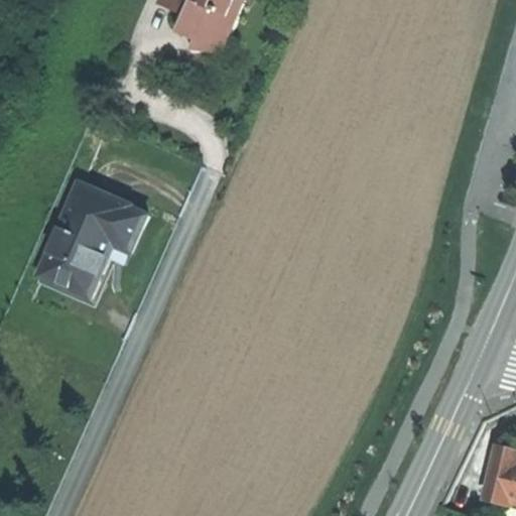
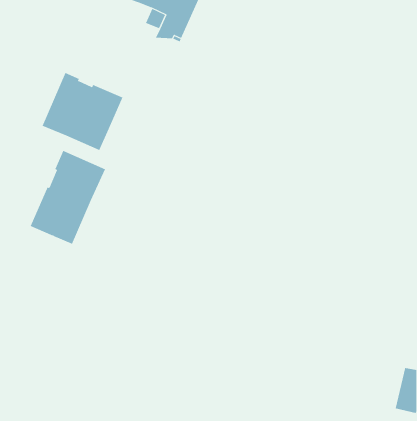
building: none -> [42,72,123,151]
building: [112,207,148,254] -> none

